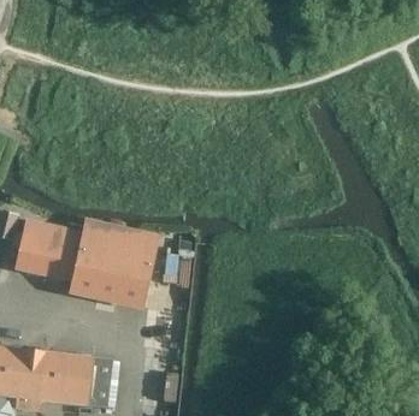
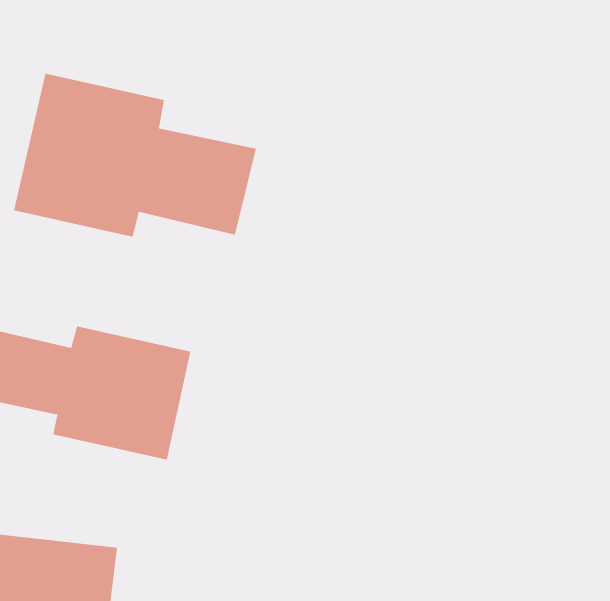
building: none -> [13,73,257,238]

